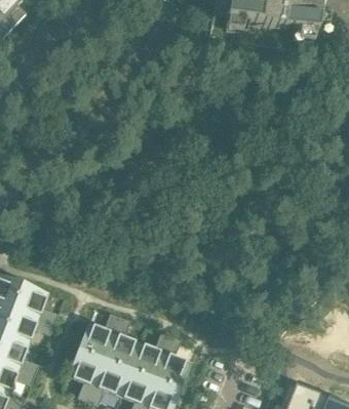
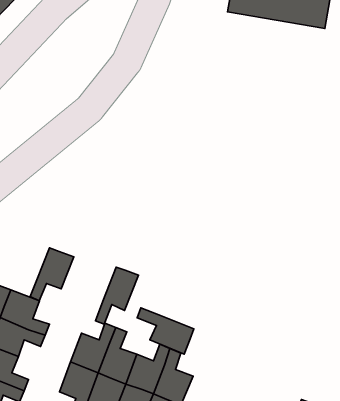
building: none -> [30,248,74,301]
building: none -> [95,267,139,324]
building: none -> [137,308,194,354]

